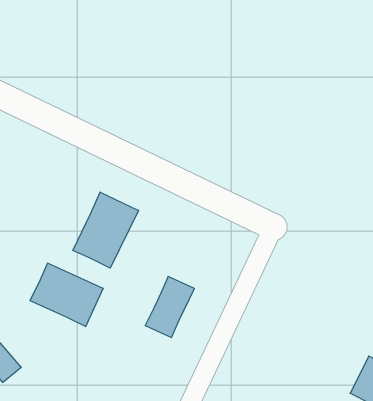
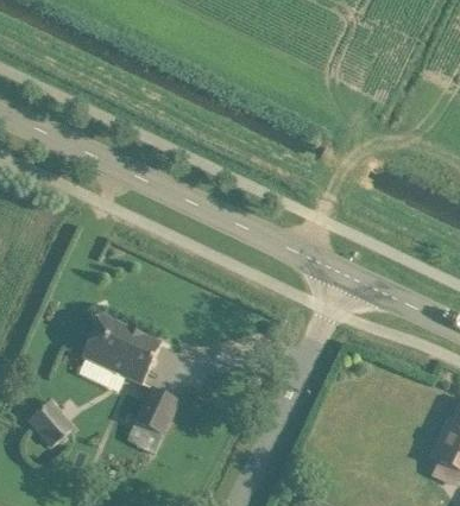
building: [73,192,138,268] -> none
building: [145,276,194,338] -> [125,388,178,455]

